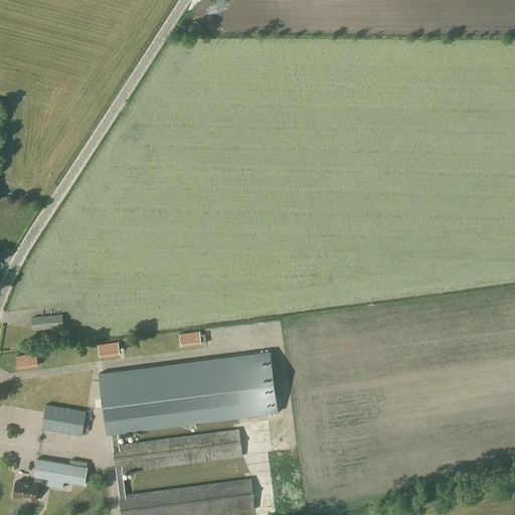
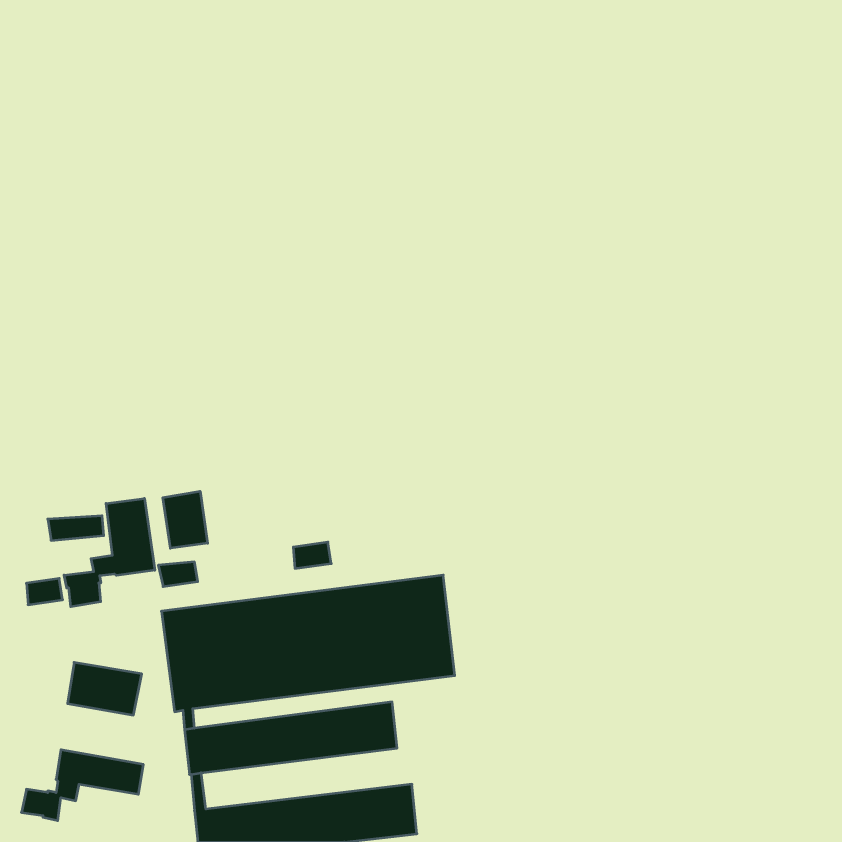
building: none -> [163,491,208,548]
building: none -> [64,498,155,607]

